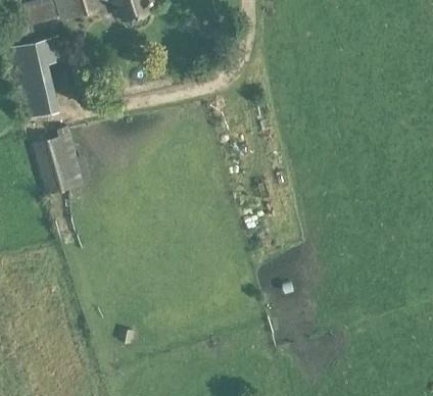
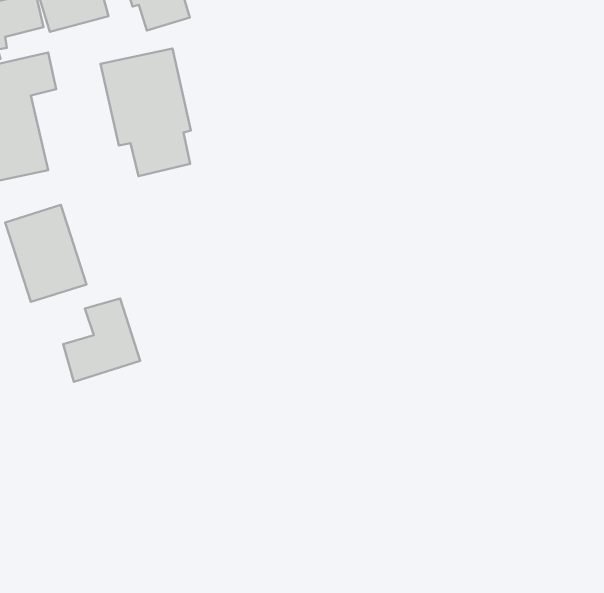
building: none -> [100,49,191,176]
building: none -> [63,299,140,382]

